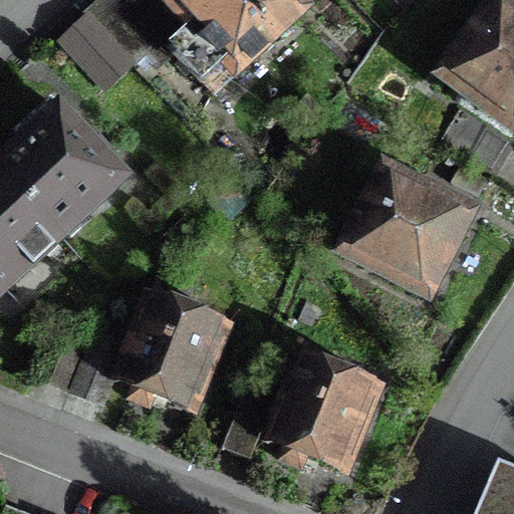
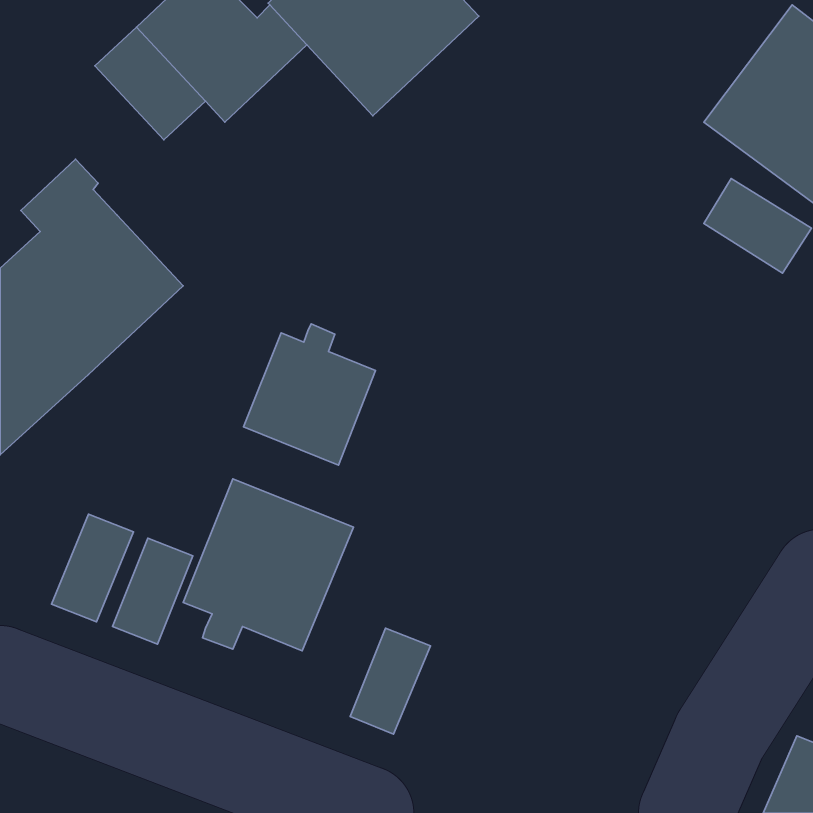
building: [345,172,471,295] -> none
building: none -> [243,324,376,465]
building: [270,359,378,469] -> none

